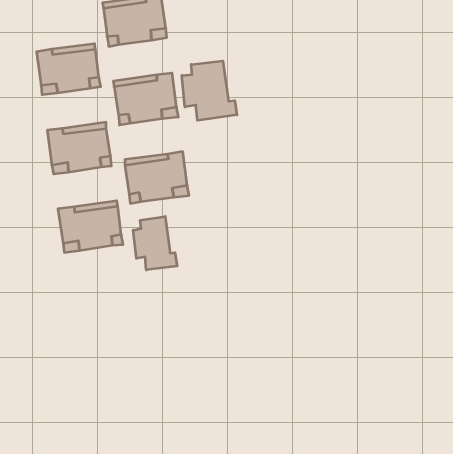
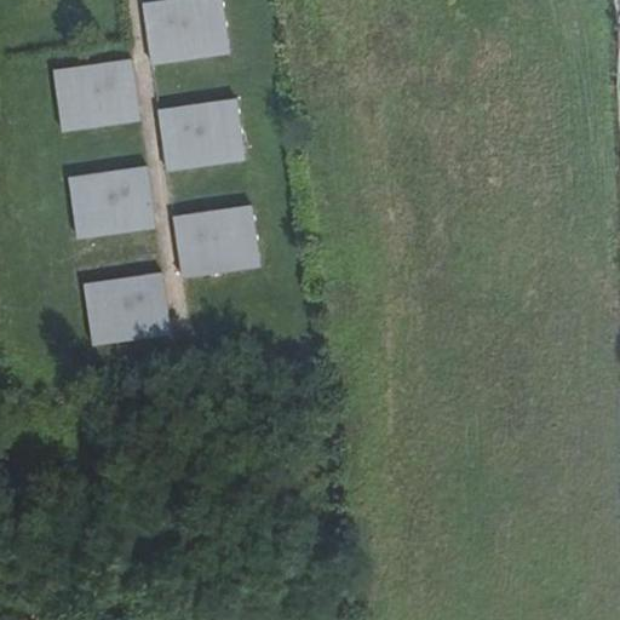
building: [182,61,237,120] -> none
building: [133,216,177,270] -> none

